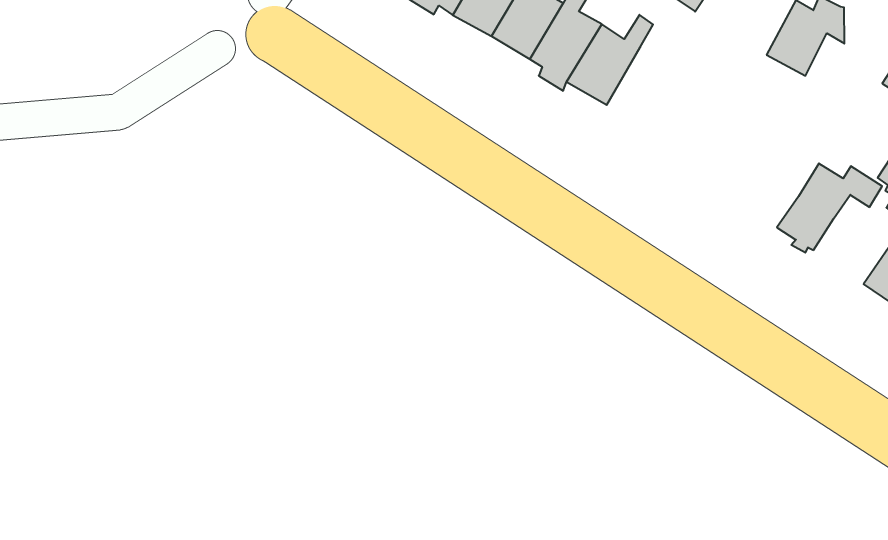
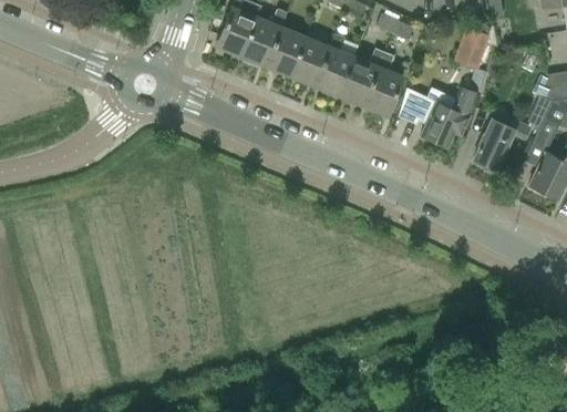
building: none -> [364,52,403,113]
building: none -> [399,85,477,147]

